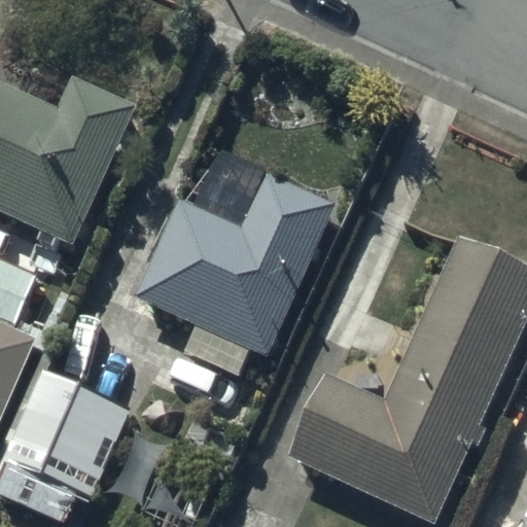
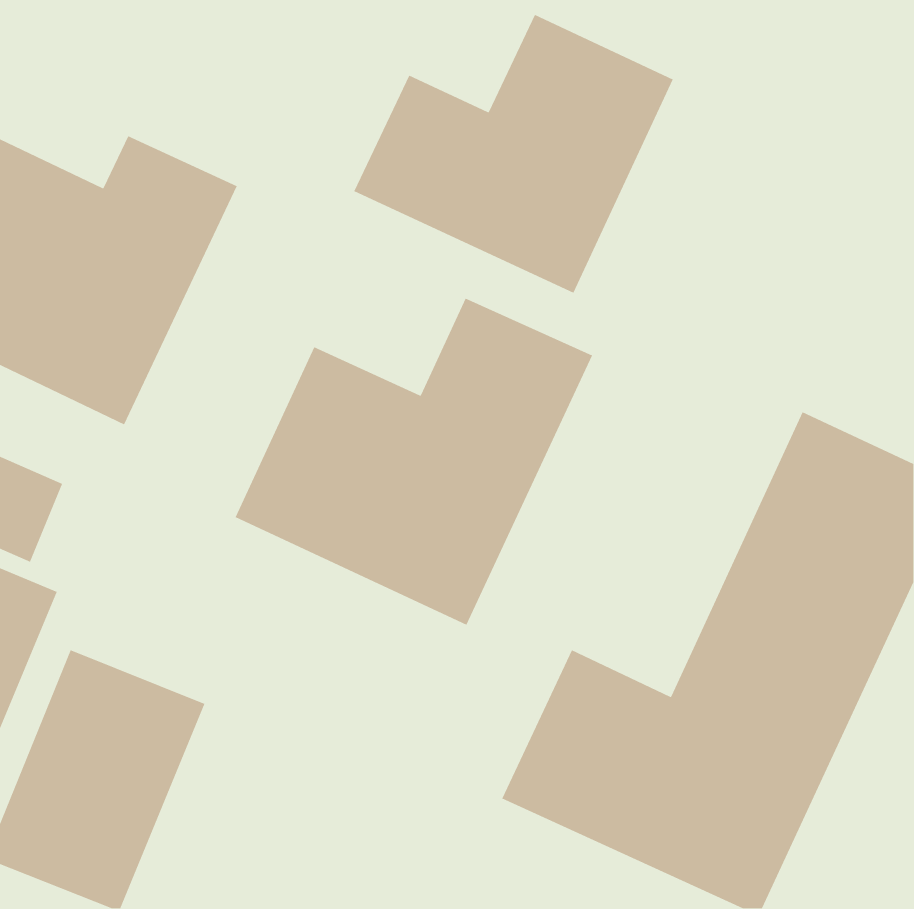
building: none -> [353,14,674,294]

